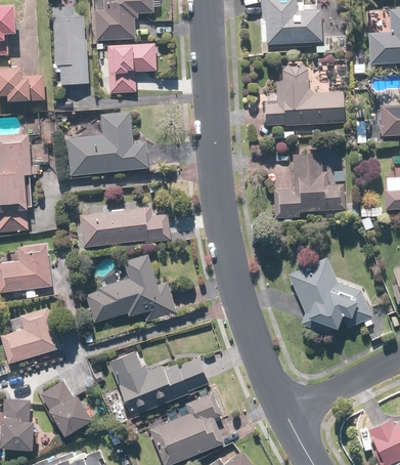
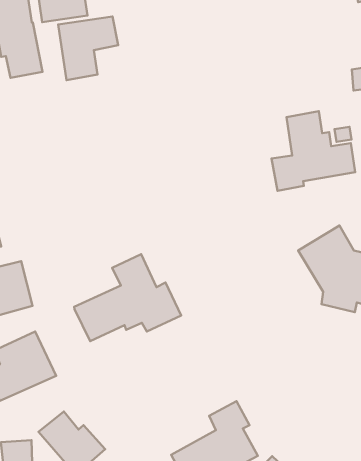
building: [265,65,344,126] -> none
building: [66,112,148,177] -> none
building: [80,207,172,248] -> none
building: [108,352,210,416] -> none

